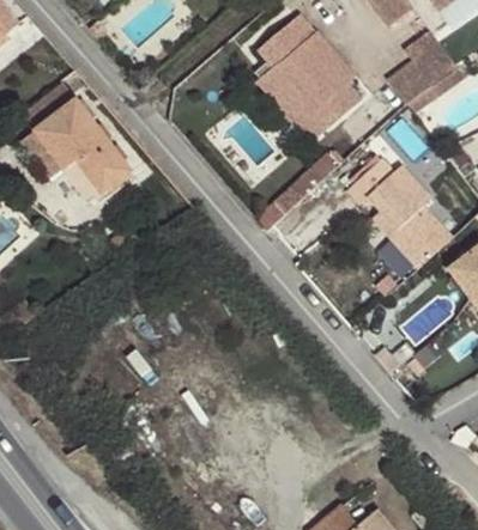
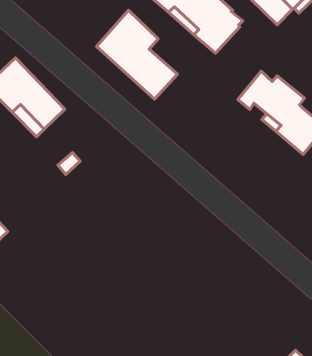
building: none -> [96,10,177,99]

